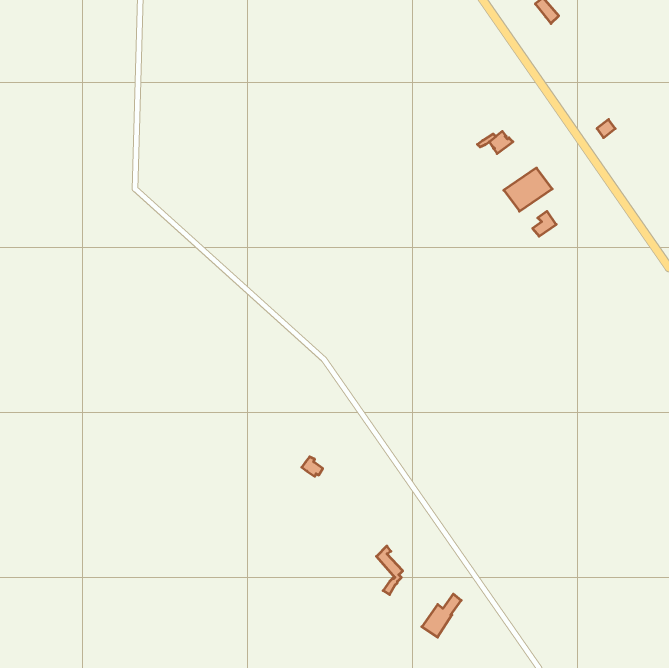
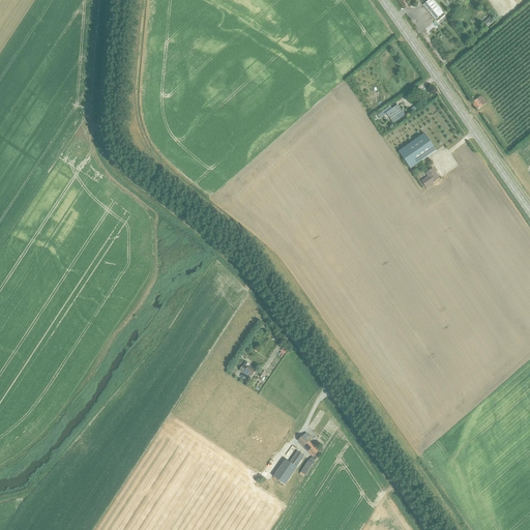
building: [422,594,461,637] -> [272,449,303,483]

